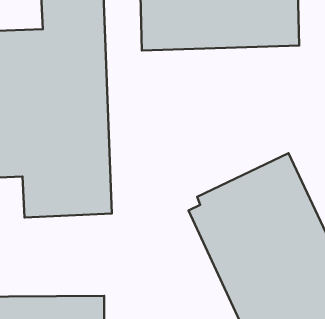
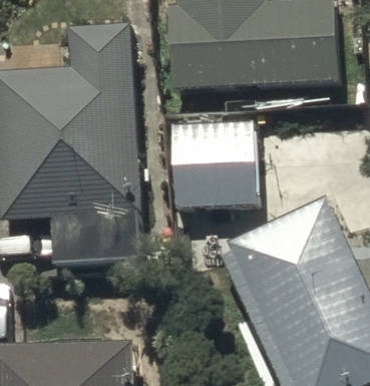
building: none -> [172,119,257,208]

